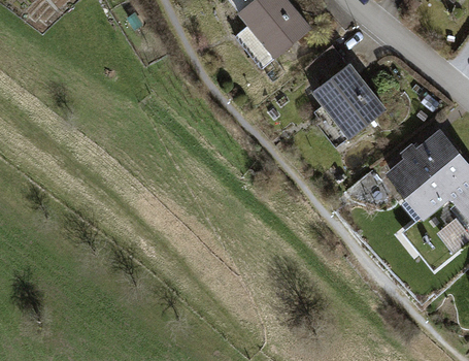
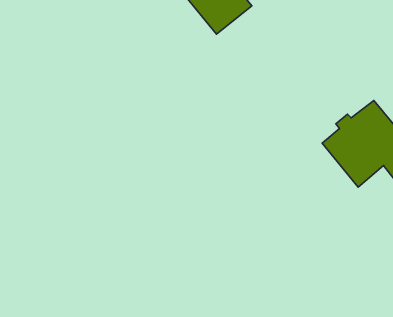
building: [311,64,387,141] -> none

